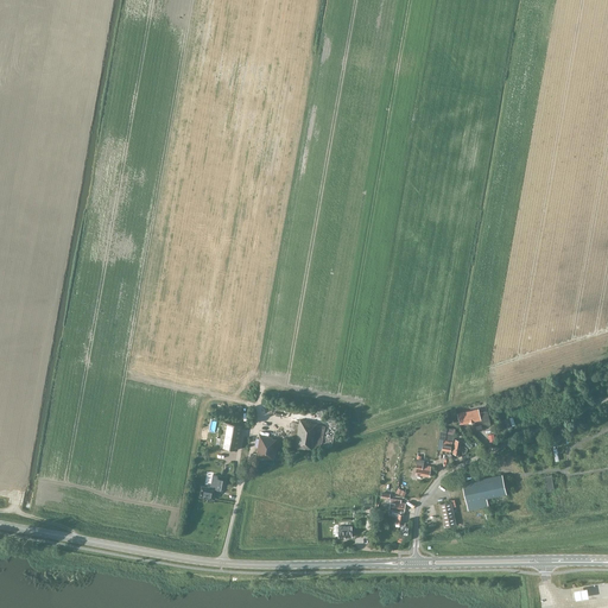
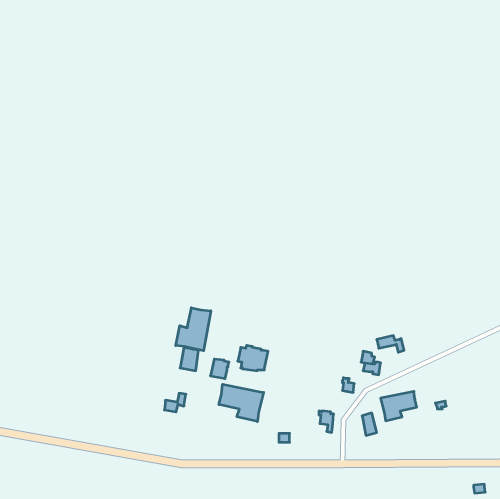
building: none -> [176,308,211,351]
building: none -> [219,384,264,422]

